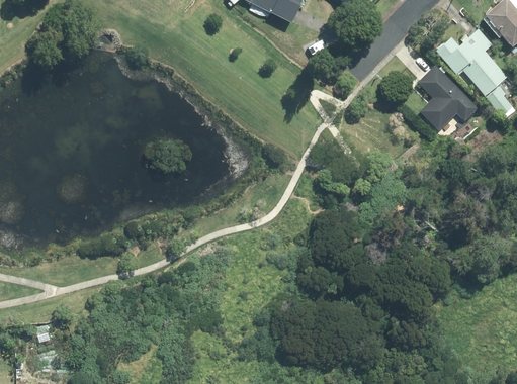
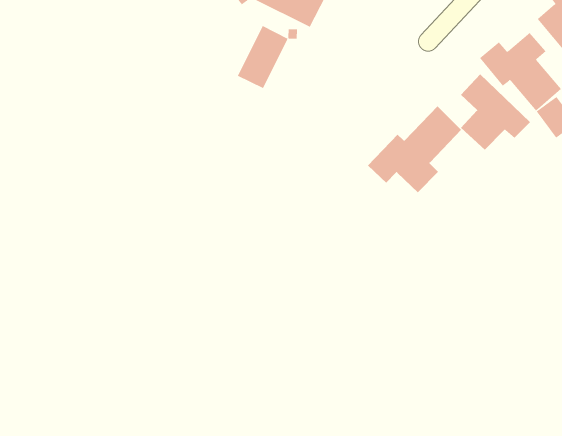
building: none -> [237,25,298,89]
building: none -> [367,105,462,193]

